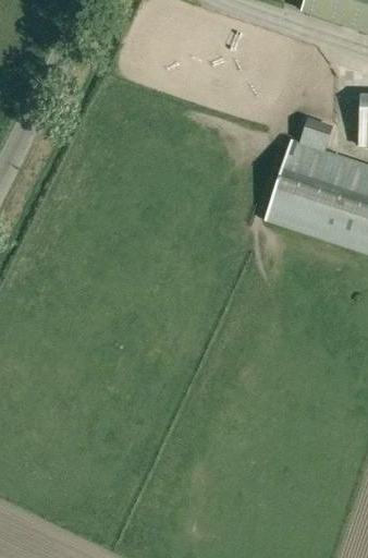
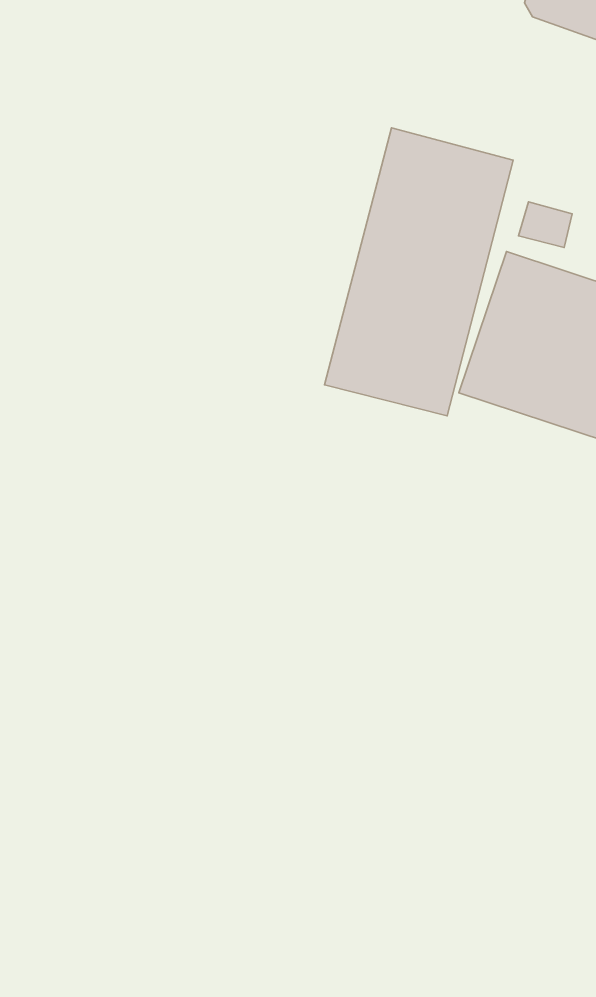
building: none -> [324,128,513,416]

